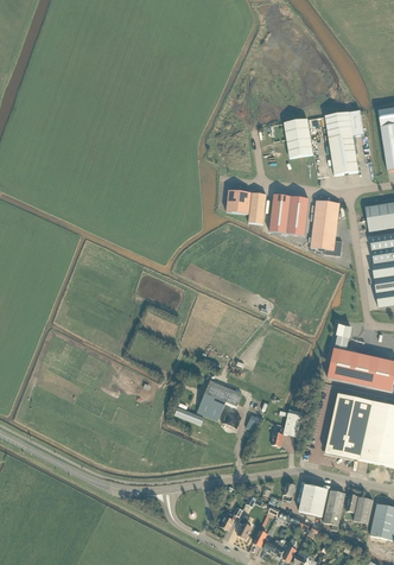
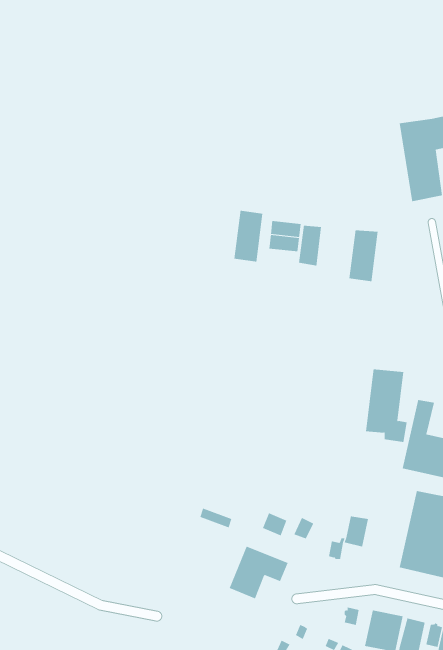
building: [284,118,312,157] -> none
building: [268,193,291,233] -> [233,210,263,262]
building: [310,199,342,255] -> [365,369,407,442]
building: [196,379,241,419] -> [229,546,288,599]

